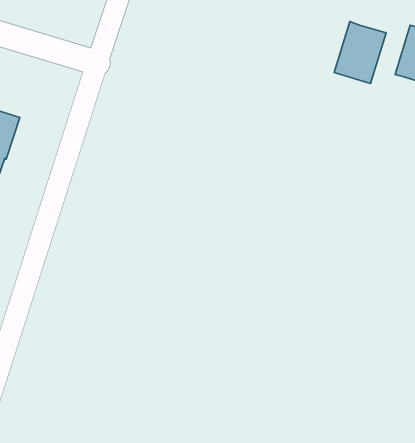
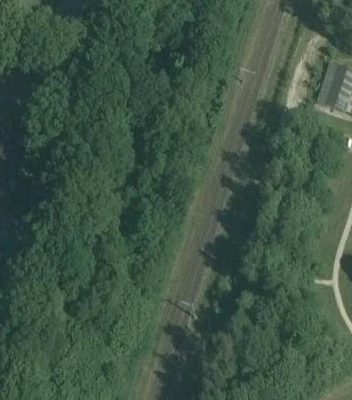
building: [334,22,386,84] -> none

